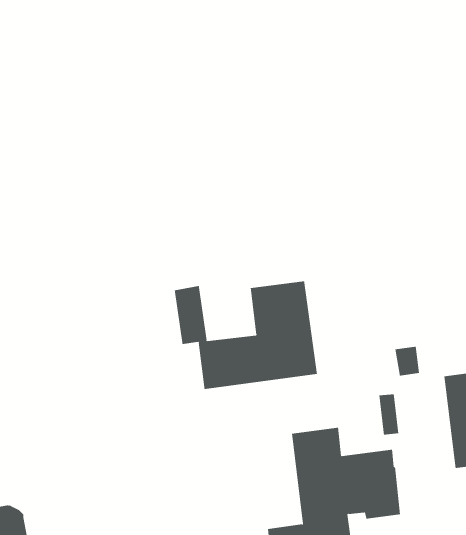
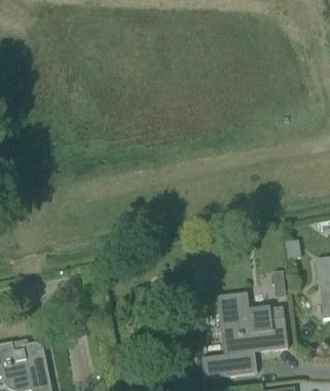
building: [174,281,318,390] -> none

